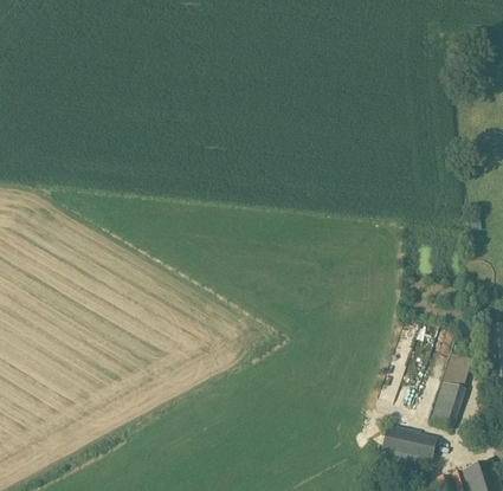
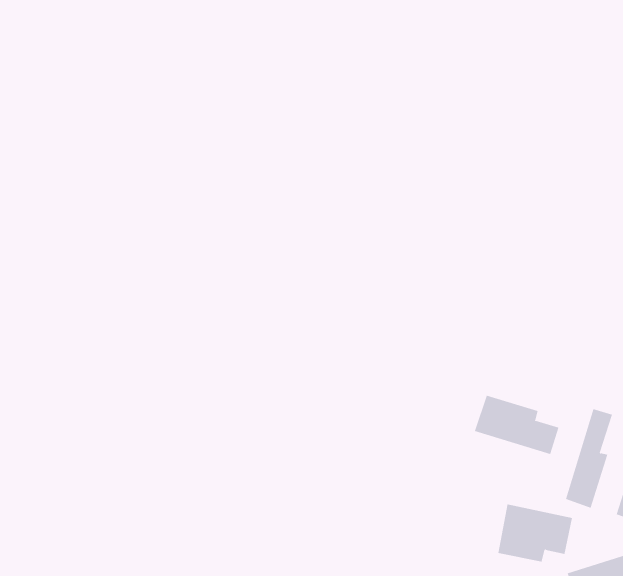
building: none -> [474,395,559,455]

